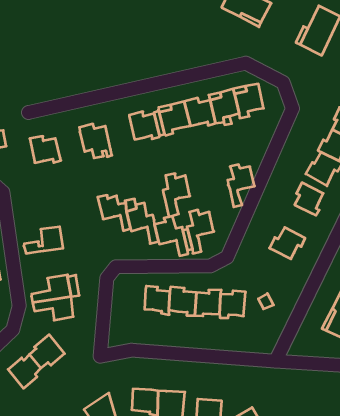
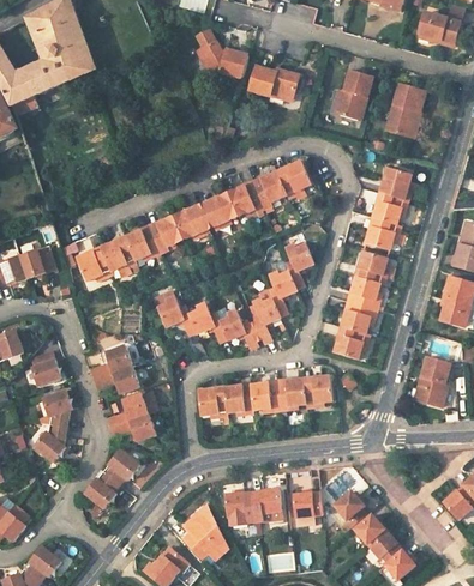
building: none -> [151,215,184,253]
building: none -> [100,241,136,271]
building: [163,174,190,217] -> [270,272,299,318]
building: none -> [353,276,380,309]
building: none -> [92,363,137,391]
building: none -> [334,327,370,361]
building: none -> [197,388,224,416]

